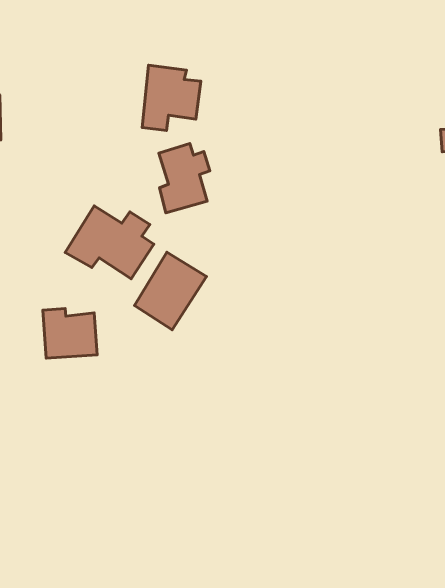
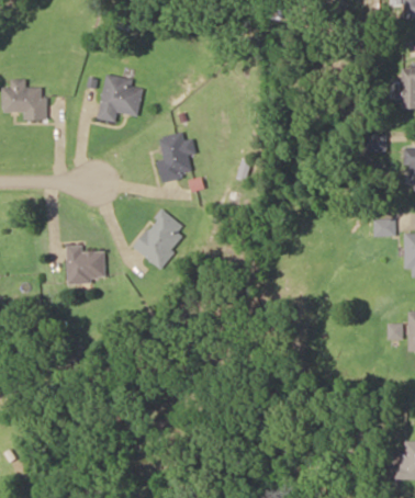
building: [142,65,201,130] -> [97,73,142,122]
building: [65,206,154,279] -> none

